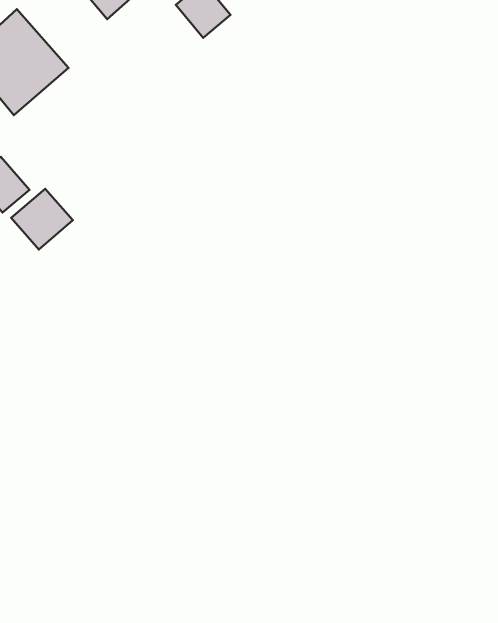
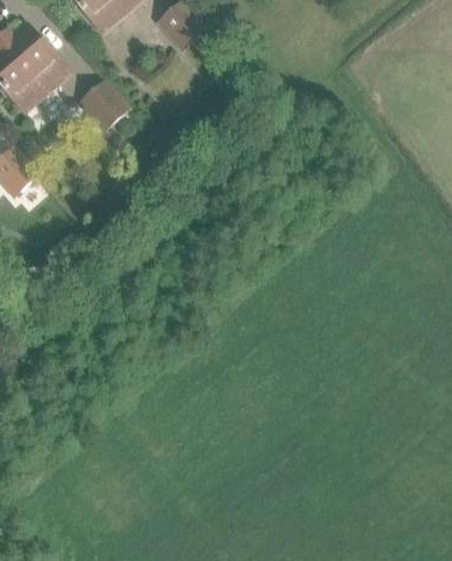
building: none -> [82,82,128,129]
building: [11,189,73,249] -> none

